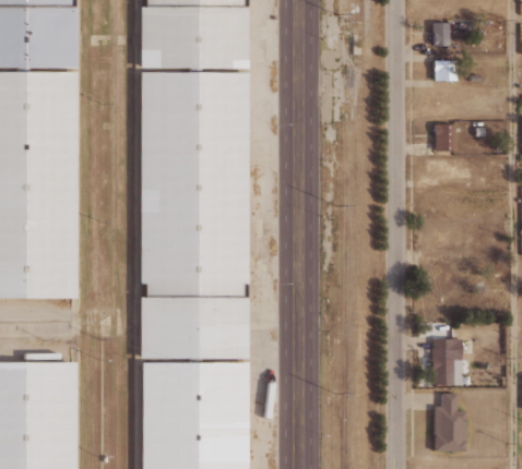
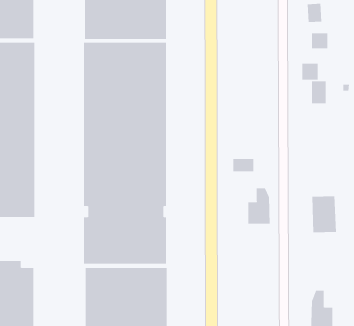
building: none -> [302,63,318,81]
building: none -> [233,158,254,172]
building: none -> [248,187,270,224]
building: [430,337,463,385] -> [312,196,337,233]

